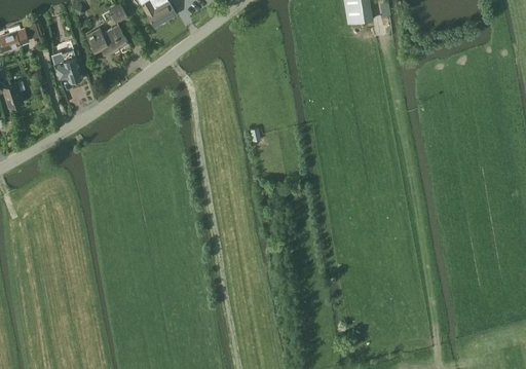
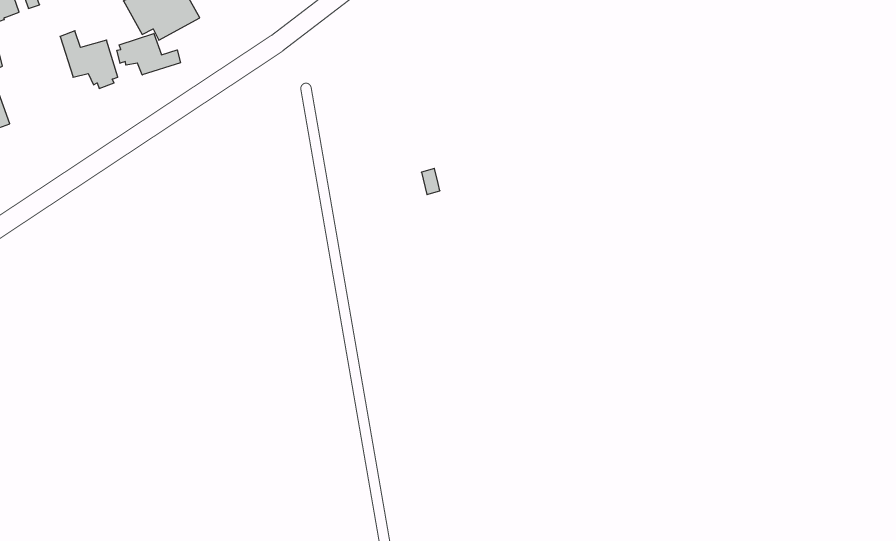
building: none -> [117,33,181,75]

